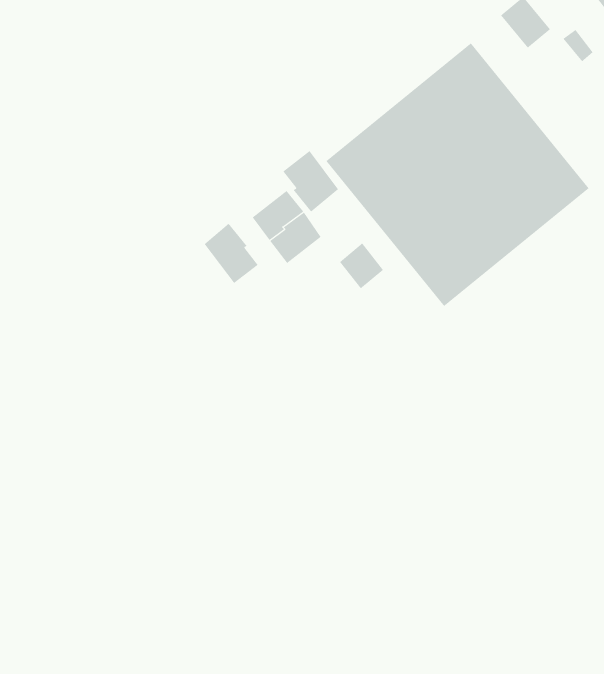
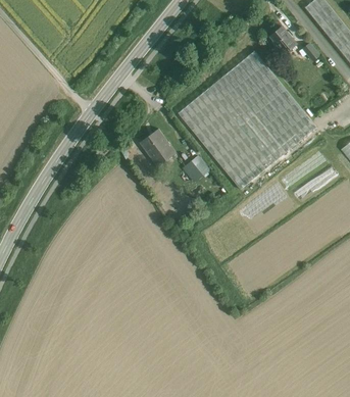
building: [283,150,339,213] -> none
building: [204,223,258,284] -> none

